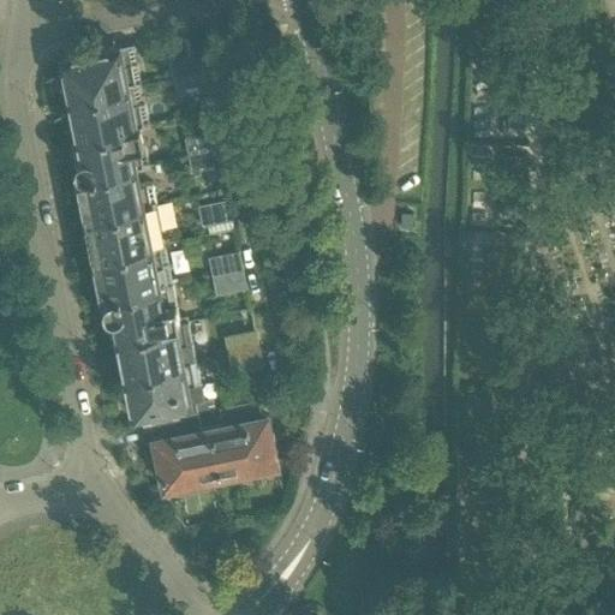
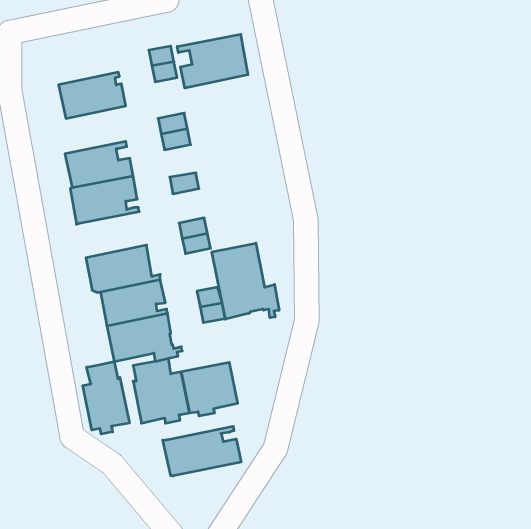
building: none -> [177,34,248,88]
building: [59,50,136,105] -> none
building: [67,129,145,184] -> none
building: [91,250,168,303] -> none
building: none -> [212,243,279,319]
building: none -> [83,361,129,434]
building: none -> [163,426,241,476]

